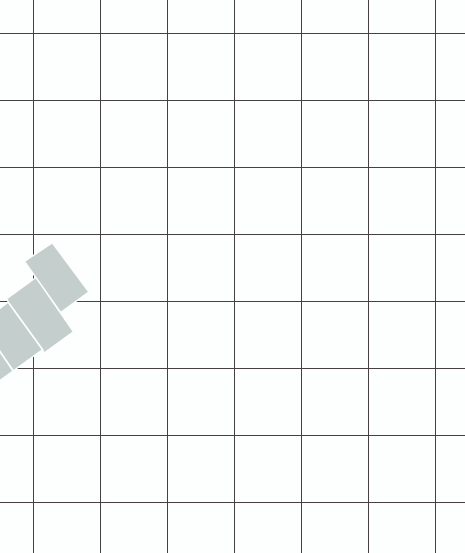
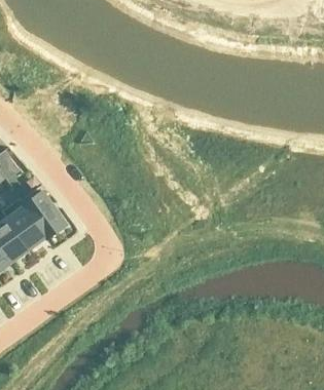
building: [24,243,89,312] -> none

